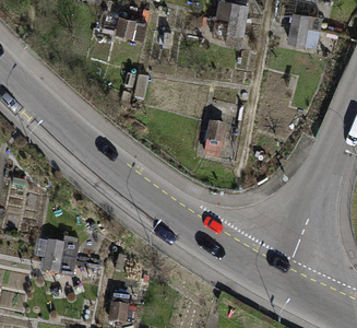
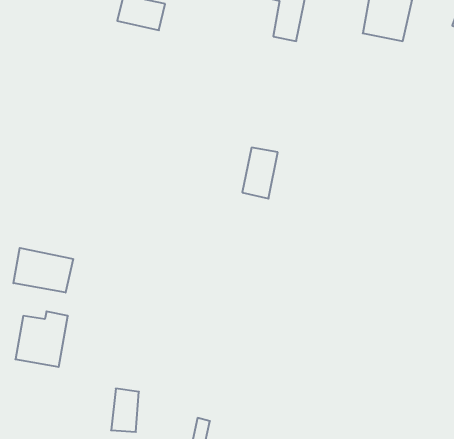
building: none -> [13,248,73,293]

